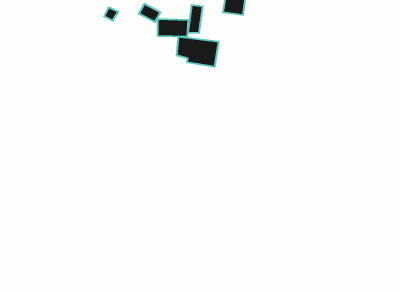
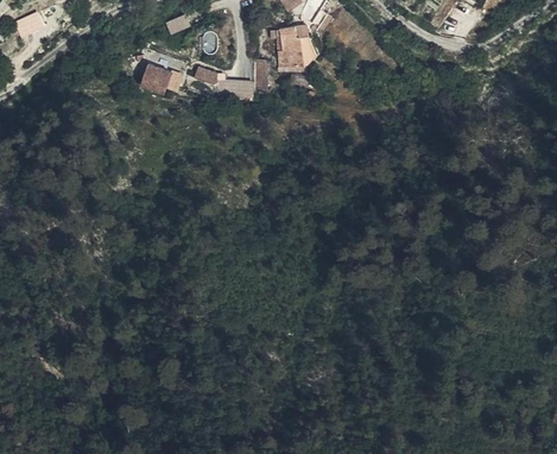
building: [177,36,218,67] -> none

